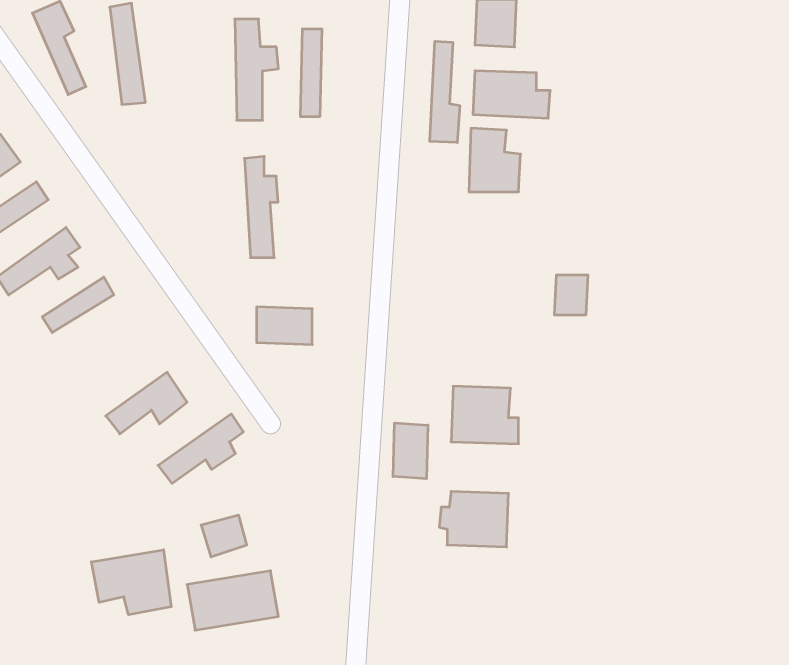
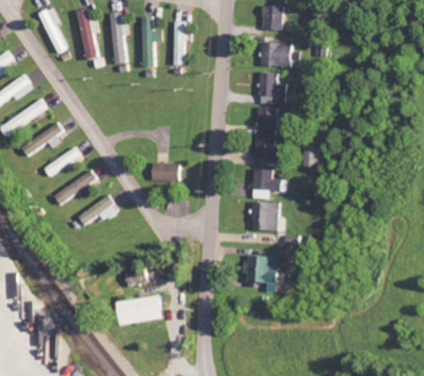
building: [430,41,460,143] -> none
building: [244,156,278,258] -> [111,12,128,63]
building: none -> [258,107,276,134]
building: none -> [256,138,281,159]
building: none -> [253,168,283,199]
building: [158,414,243,483] -> [53,169,96,204]
building: [393,423,428,479] -> none
building: [91,550,171,615] -> none

